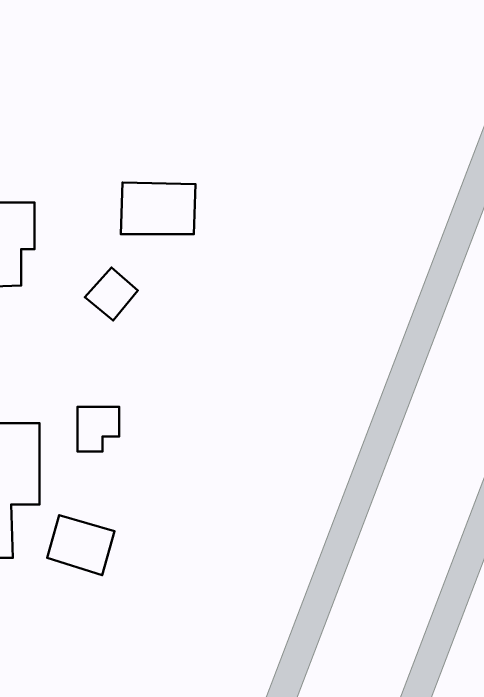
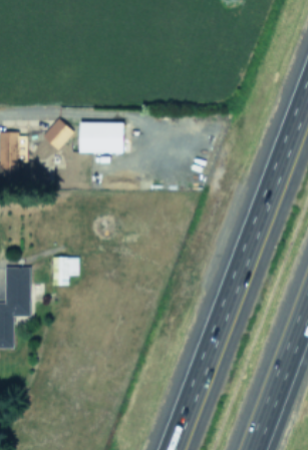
building: [85,267,138,321] -> [42,117,74,149]
building: [47,515,115,575] -> none

